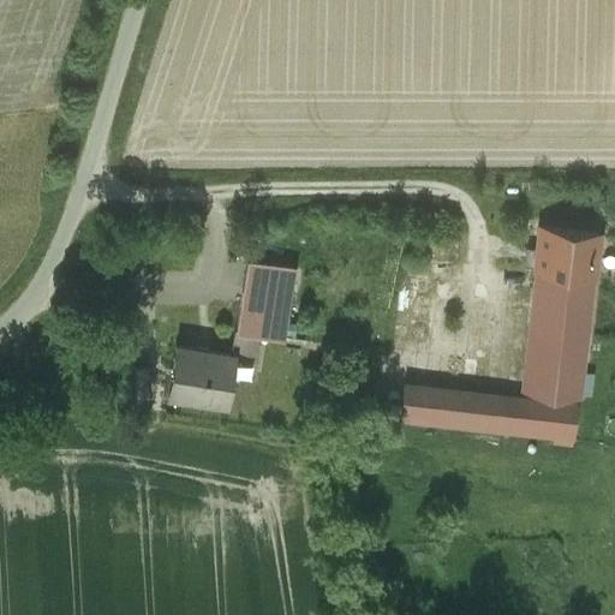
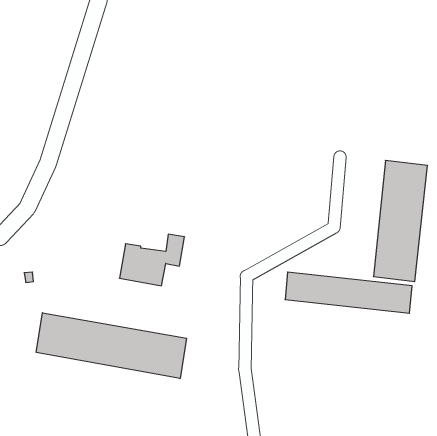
building: [238,261,295,339] -> none
building: none -> [36,313,187,379]

